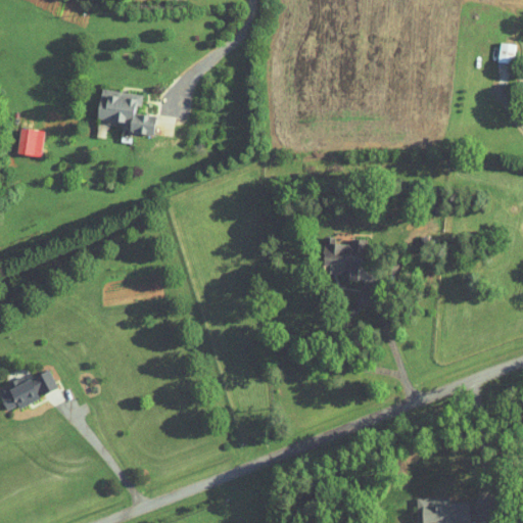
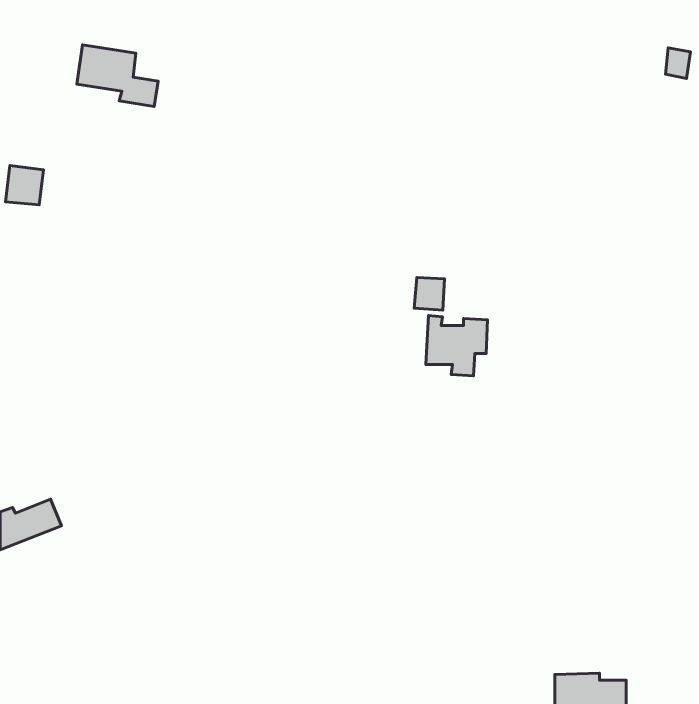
building: [97,92,156,137] -> [77,45,158,107]
building: none -> [414,277,445,310]

